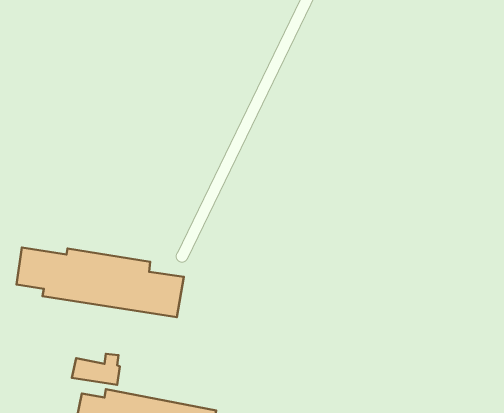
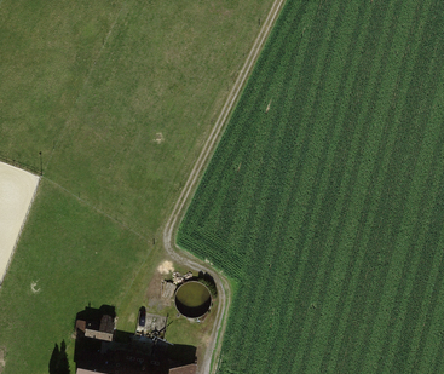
building: [16,248,184,317] -> none

